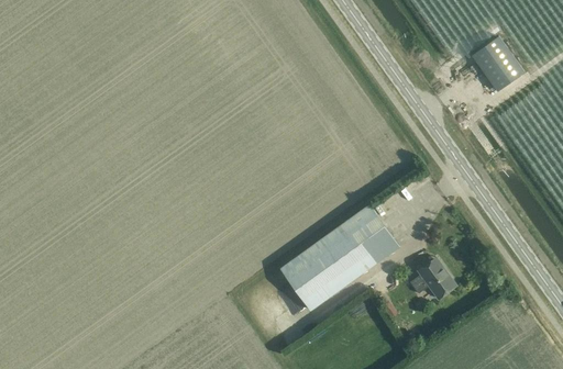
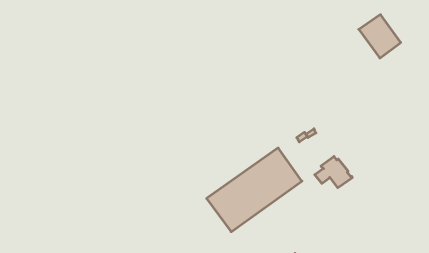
building: [409,259,456,299] -> [315,156,352,188]

